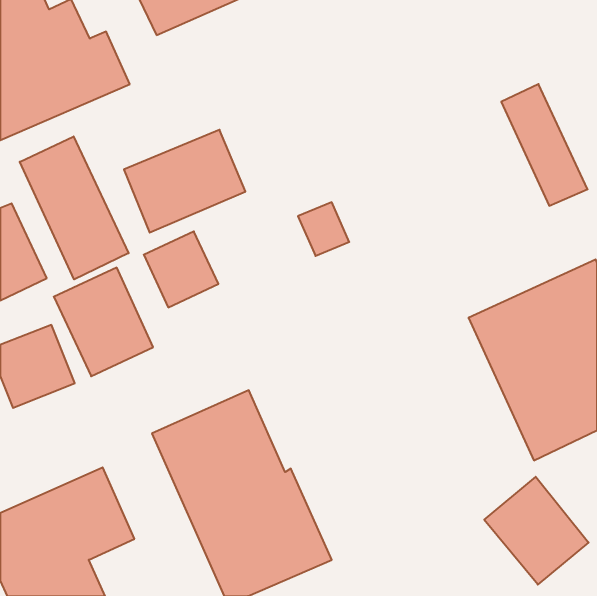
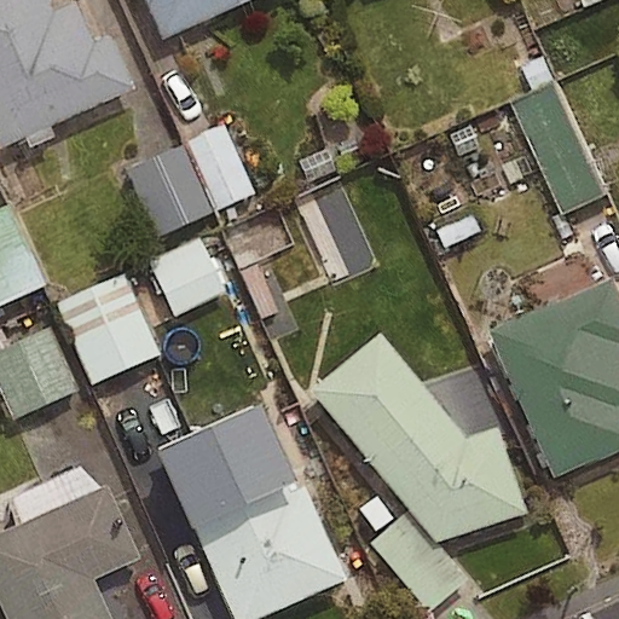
building: [20,136,129,279] -> none
building: none -> [310,332,527,543]
building: [484,477,589,585] -> none

